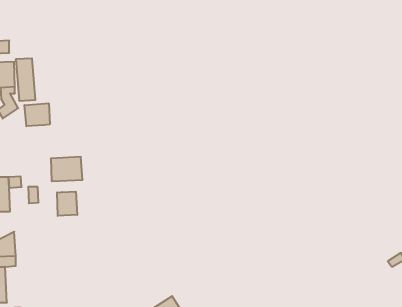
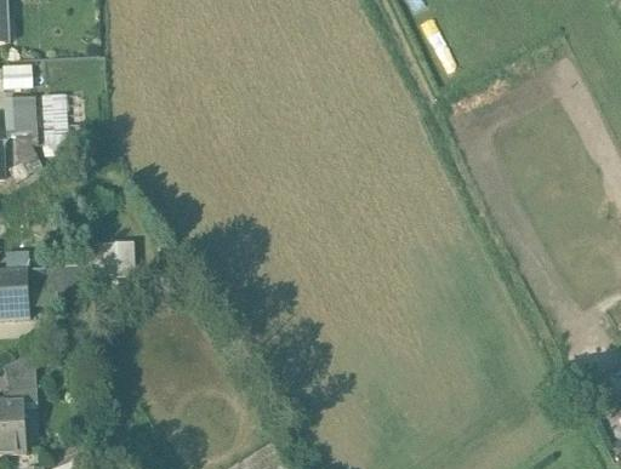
building: [24,103,50,126] -> none
building: [57,192,77,216] -> none

